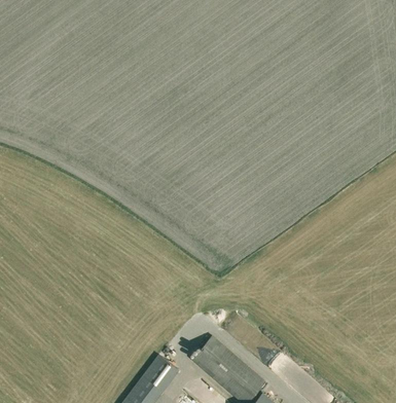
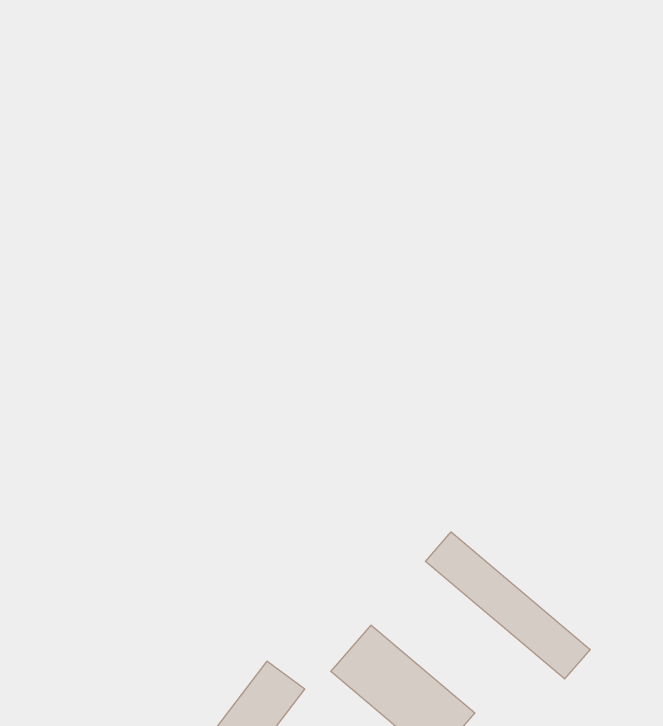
building: none -> [425,532,590,679]

